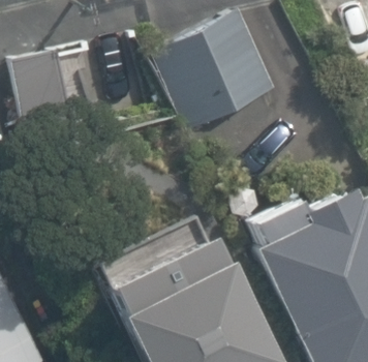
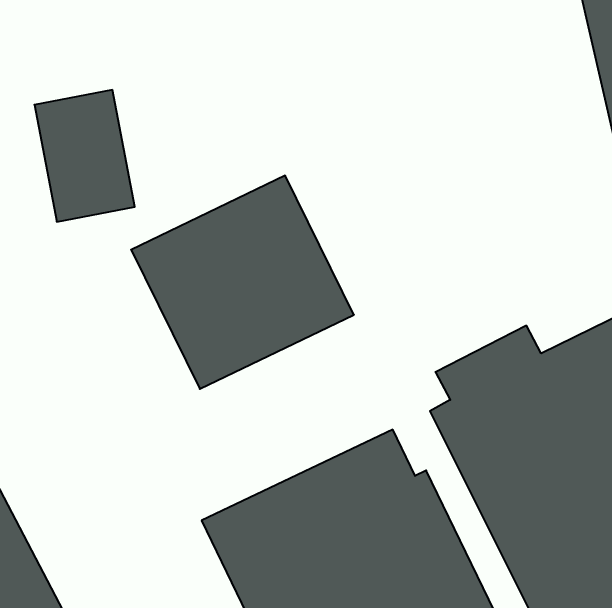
building: [150,10,274,129] -> [131,176,354,389]

